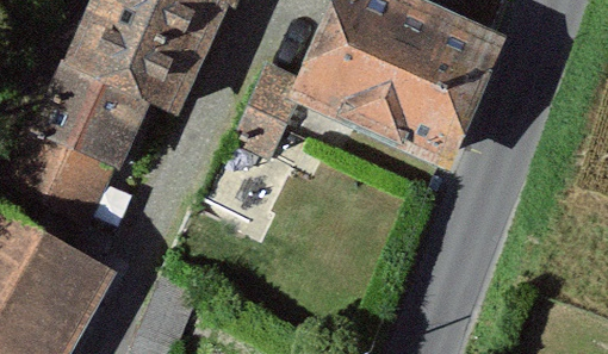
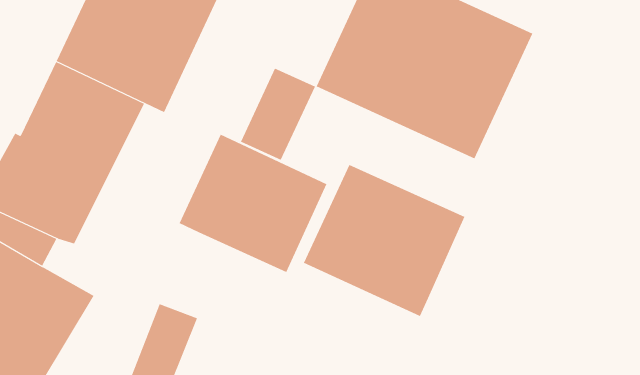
building: none -> [179,134,327,273]
building: none -> [303,164,465,317]

